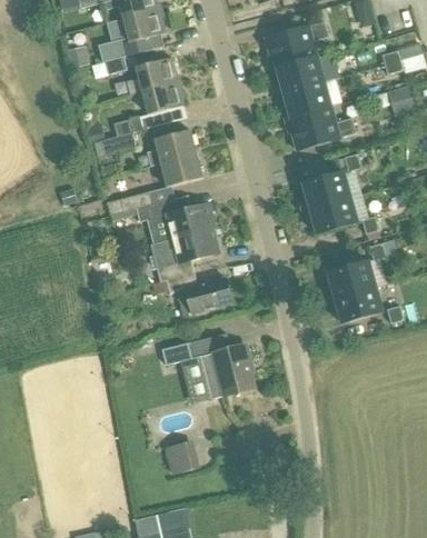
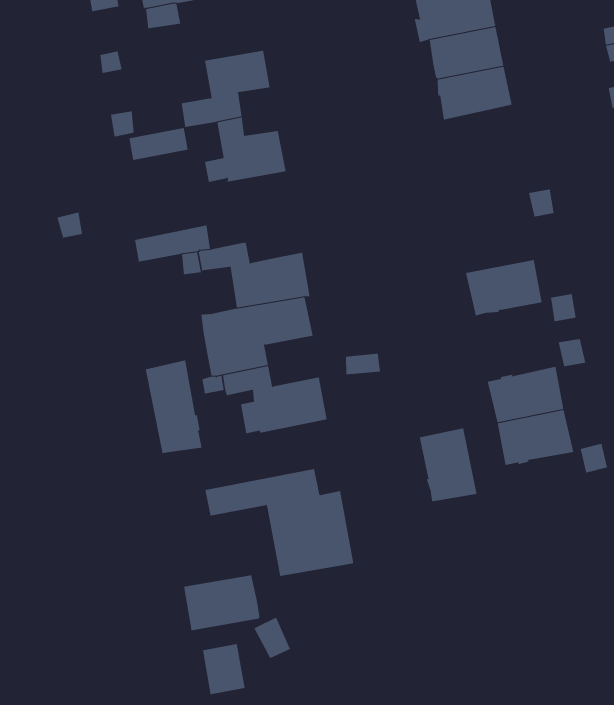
building: [126,58,178,93] -> none
building: [284,104,356,150] -> none
building: [161,155,203,187] -> none
building: [302,171,350,208] -> none
building: none -> [145,360,202,454]
building: none -> [419,427,477,502]
building: none -> [184,574,260,631]

